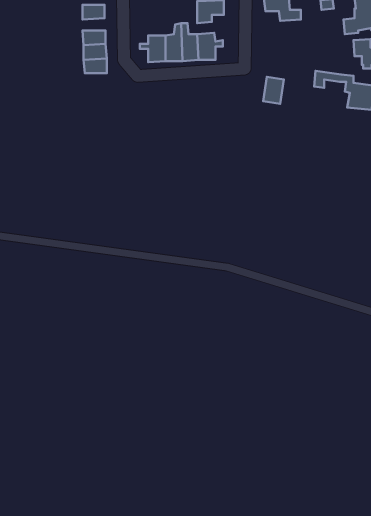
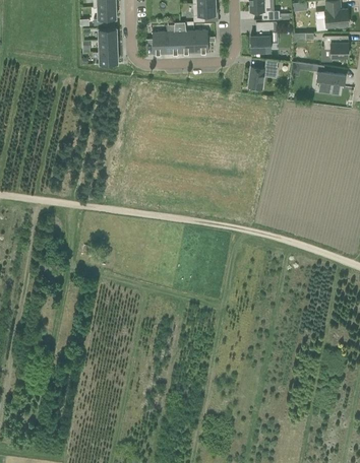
building: none -> [250,20,274,51]

